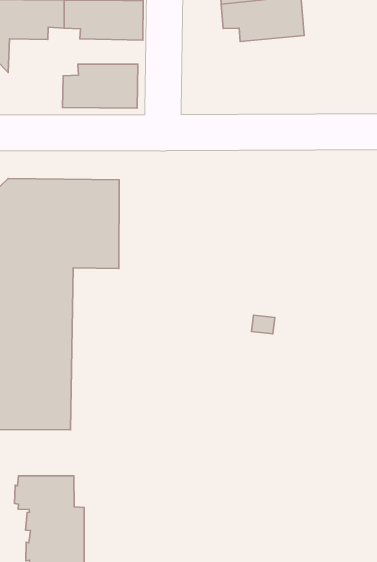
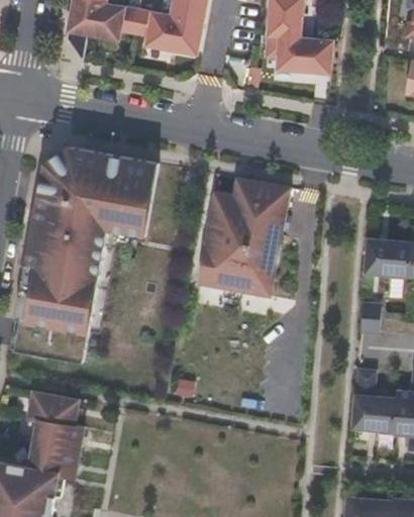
building: [62,64,138,108] -> none
building: none -> [197,178,290,296]

